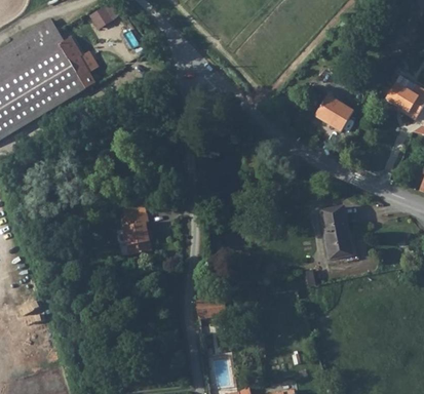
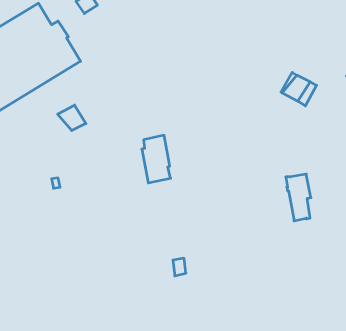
building: none -> [58,105,86,131]
building: [120,204,152,257] -> [142,135,171,183]

